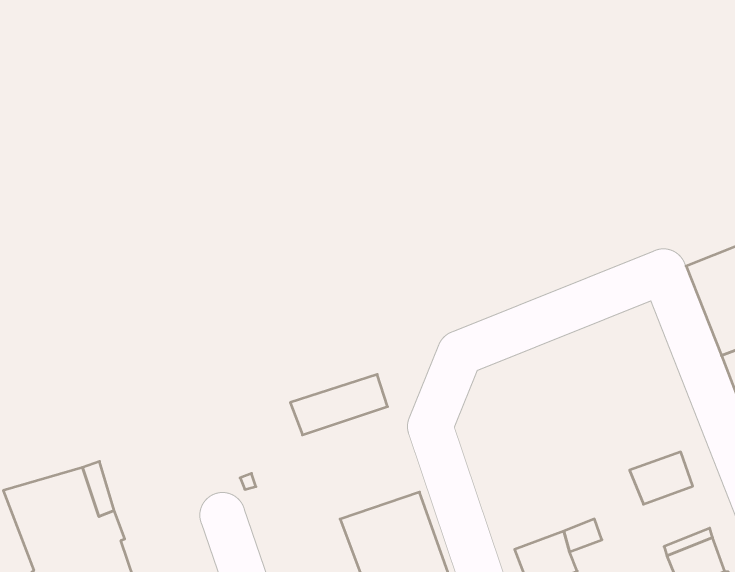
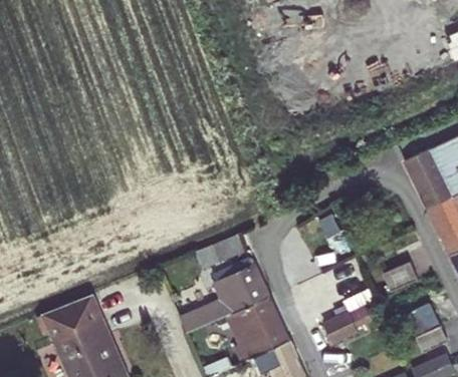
building: none -> [181,258,269,332]

